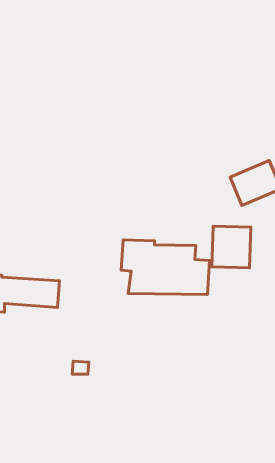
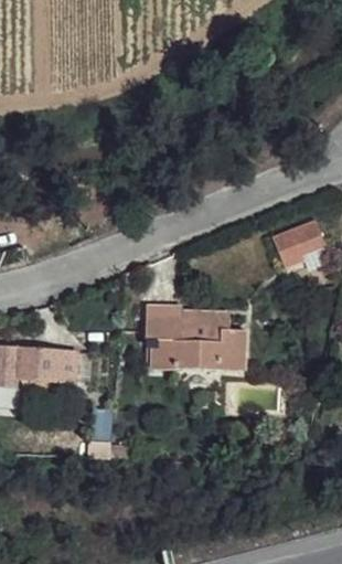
building: [212,226,251,268] -> none

